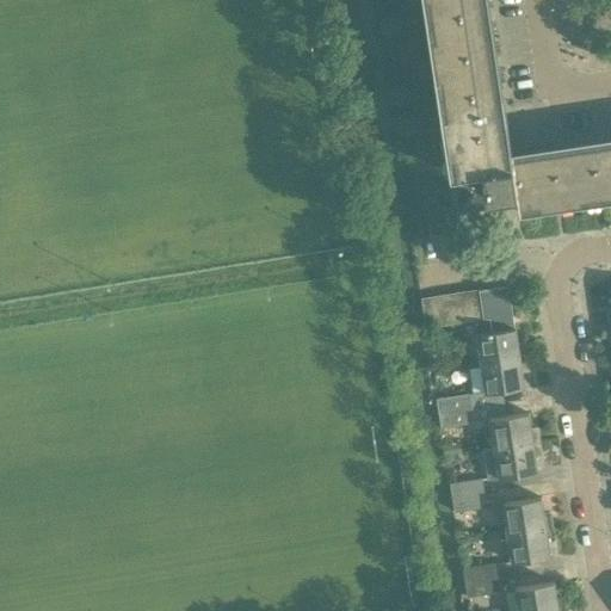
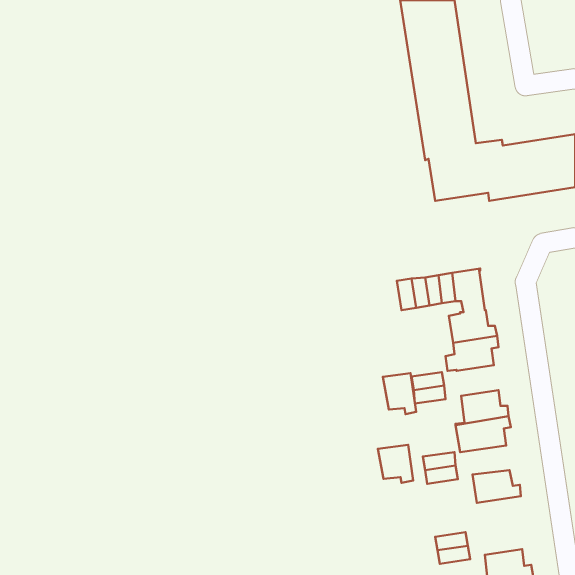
building: none -> [383,373,416,414]
building: none -> [378,445,413,483]
building: [505,526,554,563] -> none

